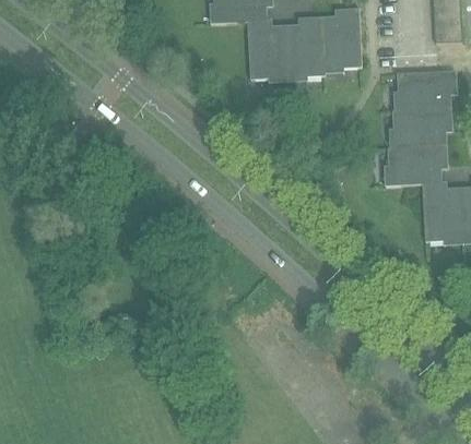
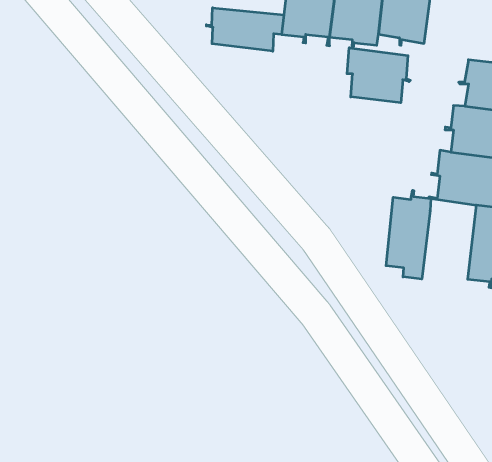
building: none -> [206,8,284,51]
building: none -> [347,48,410,103]
building: none -> [386,190,431,279]

